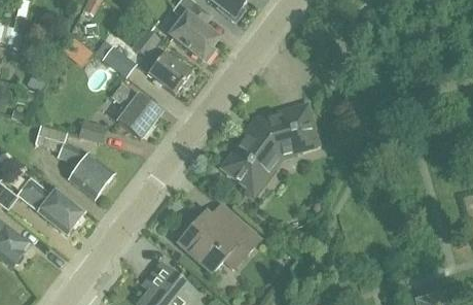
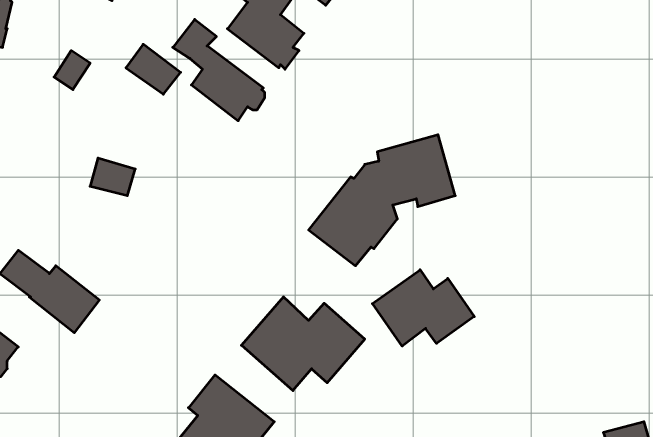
building: [111,82,159,138] -> none
building: [34,124,113,198] -> none
building: none -> [372,270,474,346]

